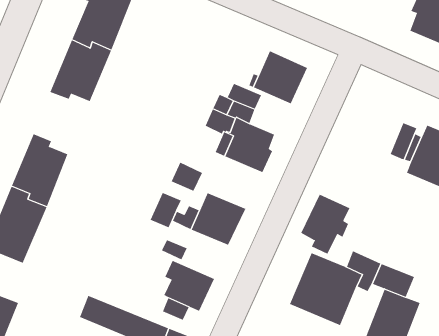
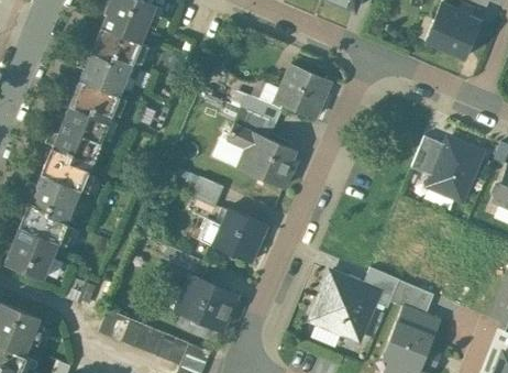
building: none -> [53,107,110,169]
building: [150,192,181,228] -> none
building: [301,194,350,254] -> none

